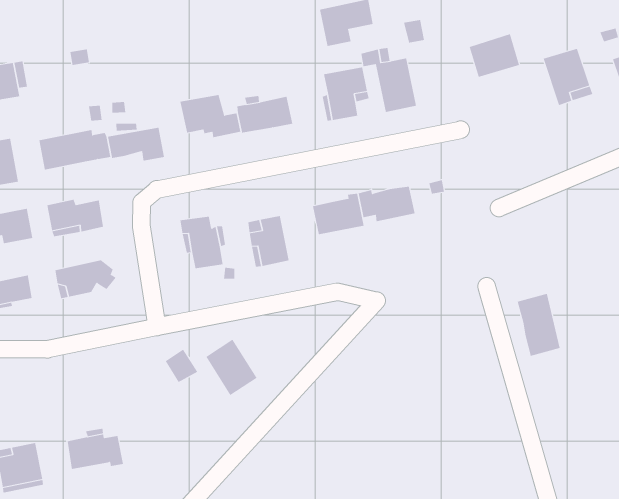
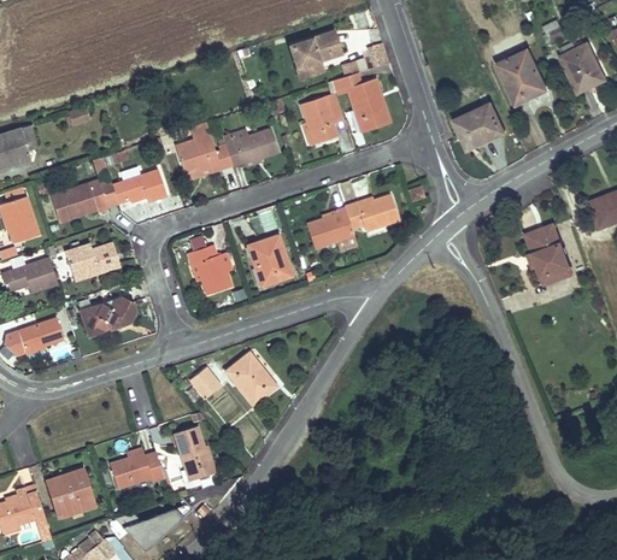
building: [469,33,520,77] -> [454,106,503,149]
building: [517,293,561,356] -> [525,225,570,284]
building: none -> [174,426,213,478]

